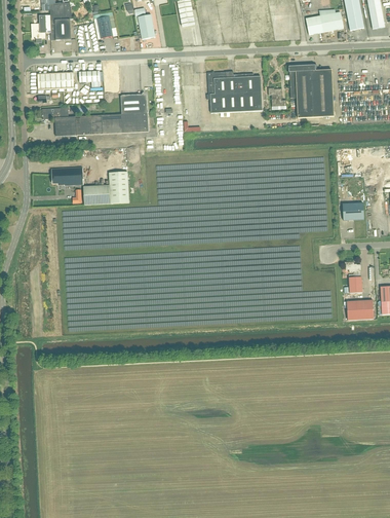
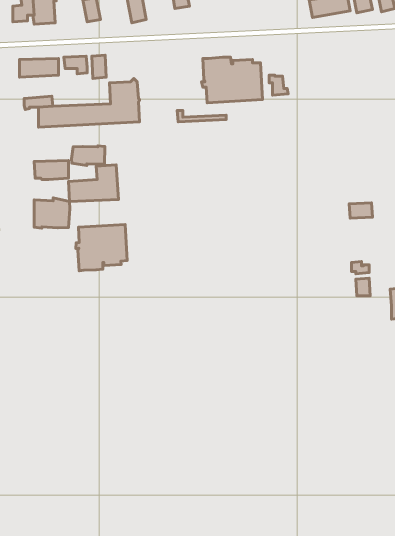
building: [287,64,335,118] -> none
building: none -> [72,146,105,166]
building: none -> [34,198,70,228]
building: none -> [76,225,127,271]
building: [348,299,374,320] -> none

